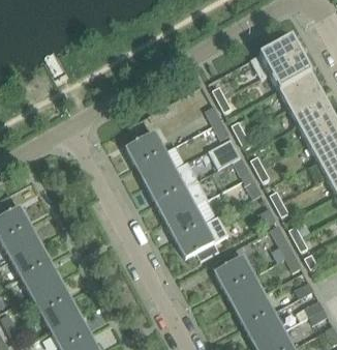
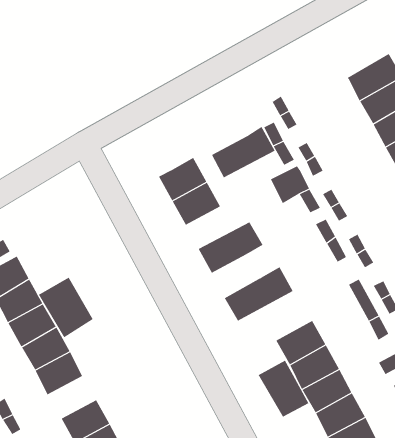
building: [250,36,301,79] -> none
building: [147,163,195,202] -> [211,126,275,178]
building: [166,206,204,239] -> none
building: none -> [38,277,94,338]
building: none -> [258,360,309,418]
building: [42,298,80,330] -> none

